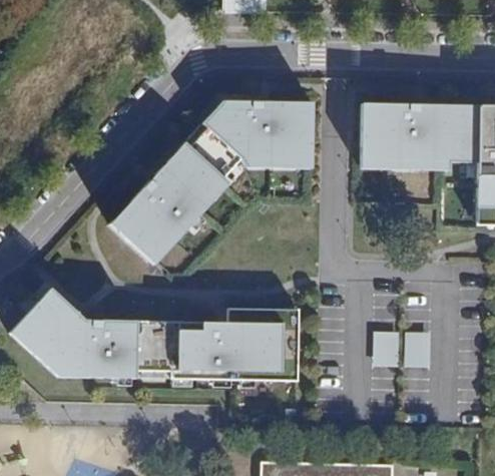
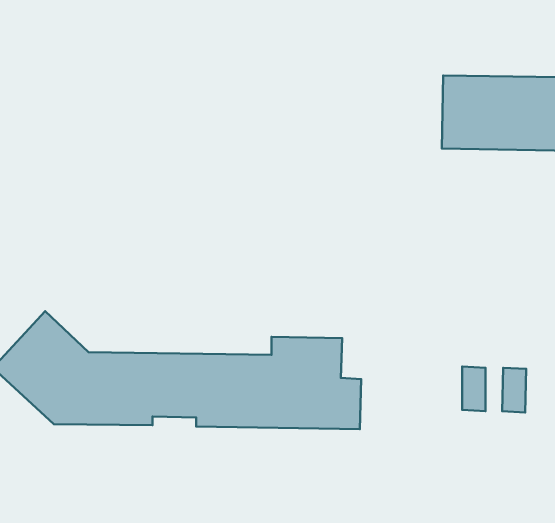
building: [110,101,314,260] -> none

